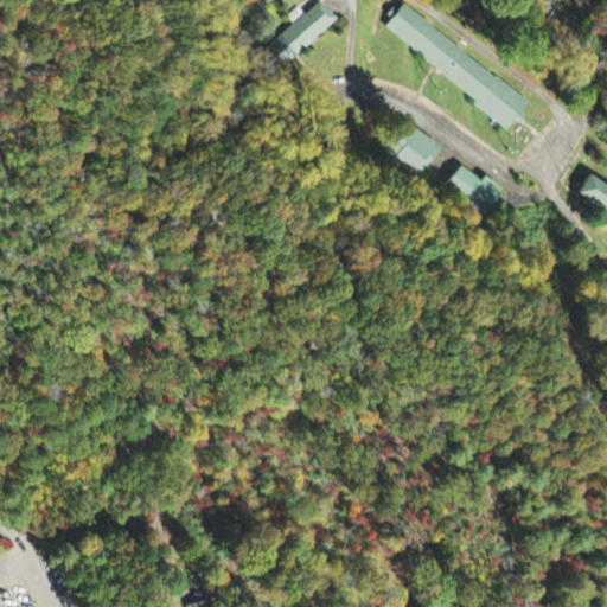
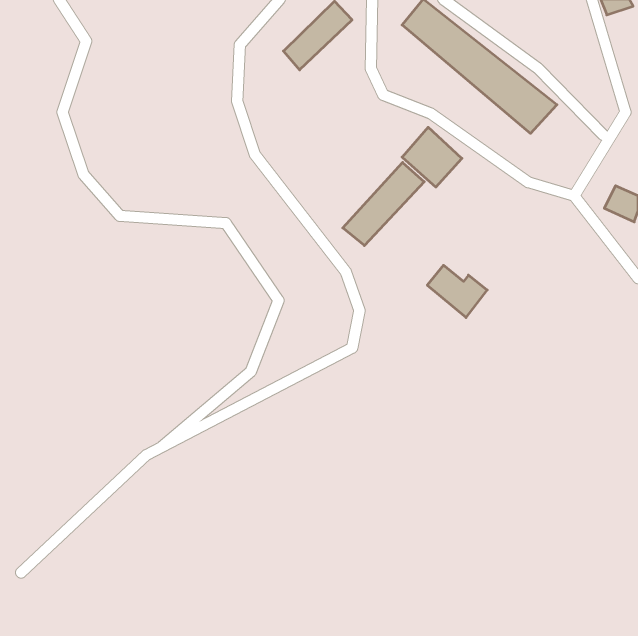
building: none -> [343,162,424,246]
building: [445,167,501,217] -> [427,265,487,318]

